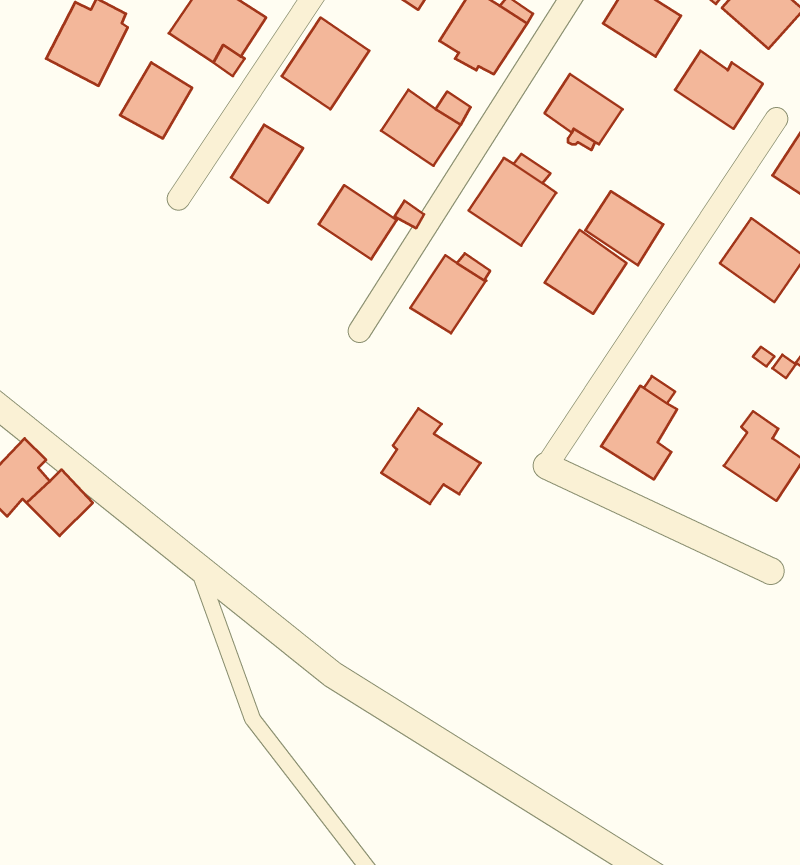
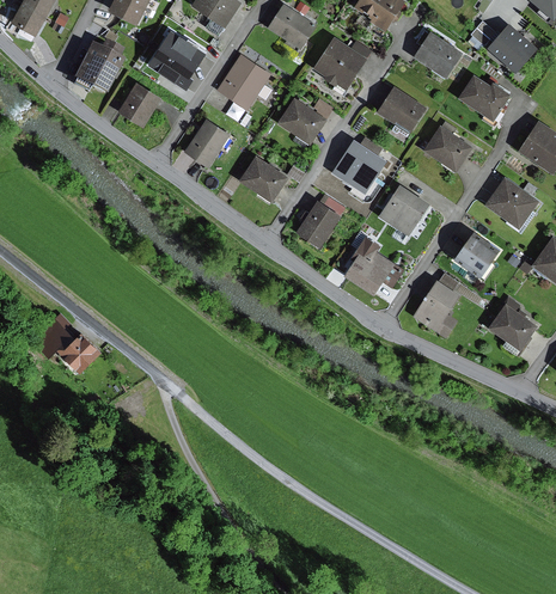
building: [585,191,663,265] -> [424,127,472,172]
building: none -> [454,234,499,277]
building: [381,408,481,504] -> [343,237,404,295]

